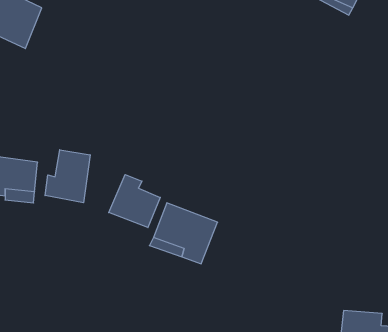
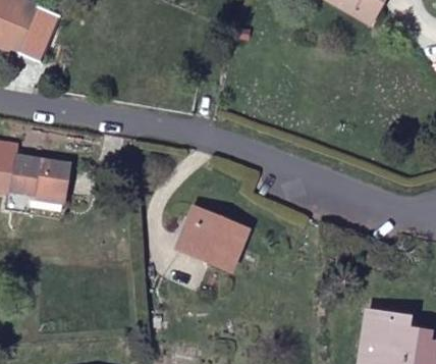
building: [45,150,90,203] -> none
building: [109,175,160,228] -> none

